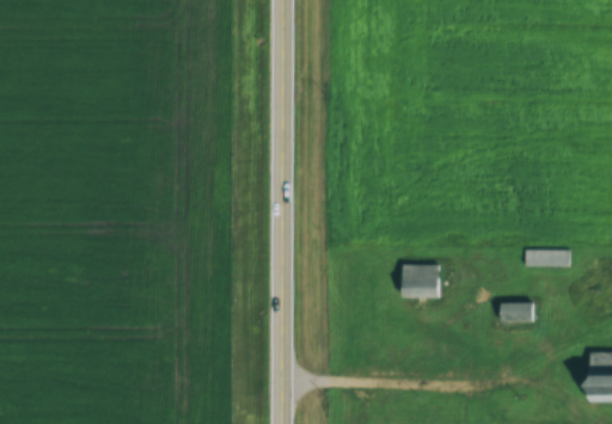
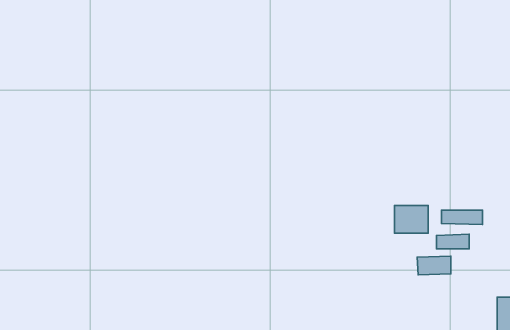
building: [400,265,440,297] -> [394,205,428,233]
building: none -> [436,234,469,249]

